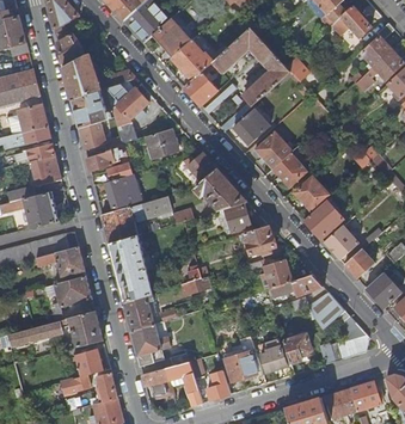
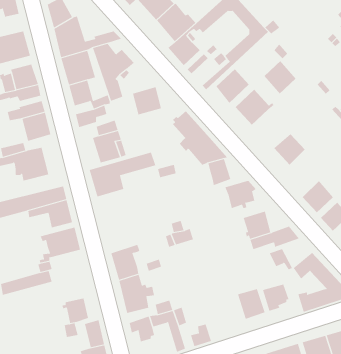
building: [271,152,306,188] -> [263,60,297,94]
building: [303,196,343,240] -> none
building: [109,235,152,302] -> none
building: [69,309,103,345] -> none
building: [223,351,253,381] -> none

